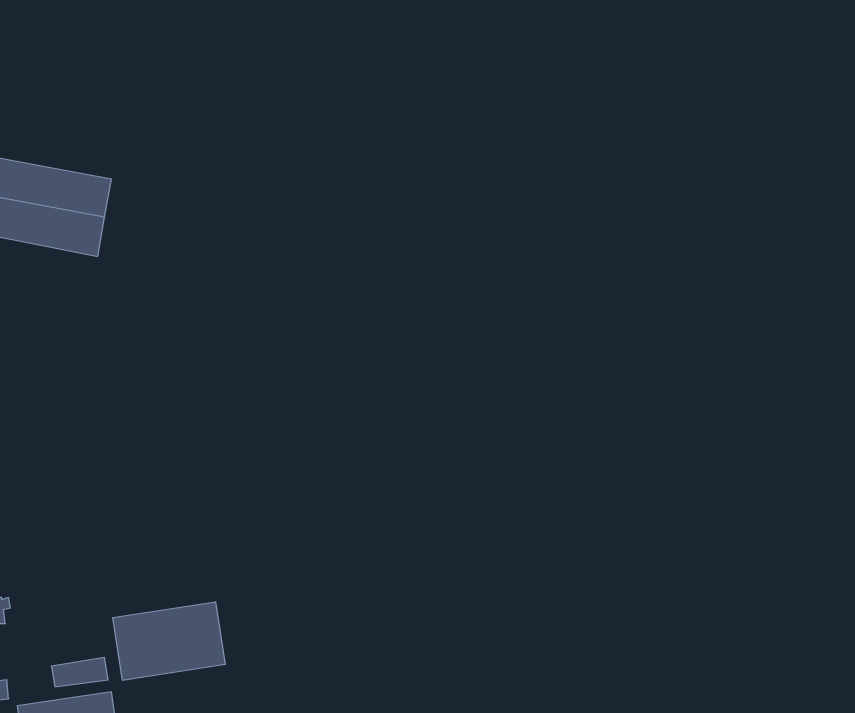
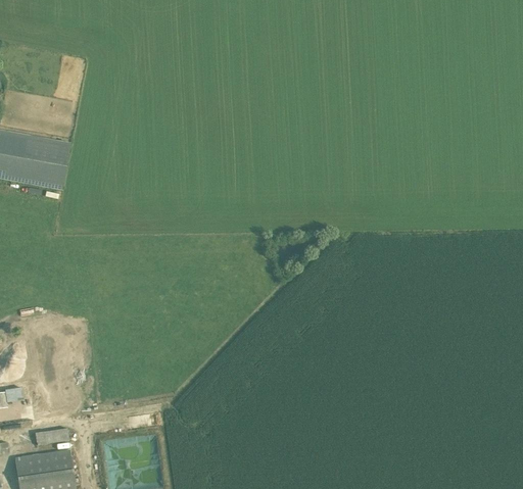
building: [113,602,225,680] -> none

